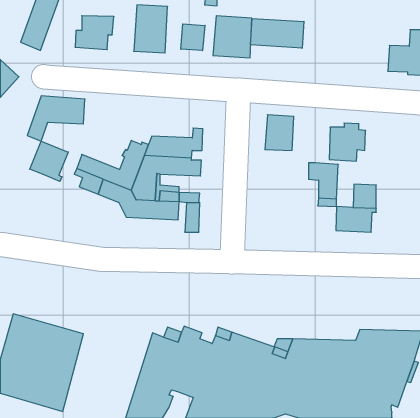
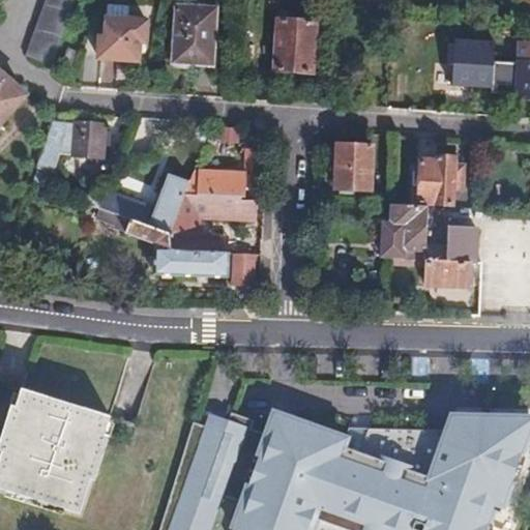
building: [251,19,304,48] -> none
building: [181,24,205,51] -> none
building: none -> [444,32,491,81]
building: [30,141,68,181] -> none

